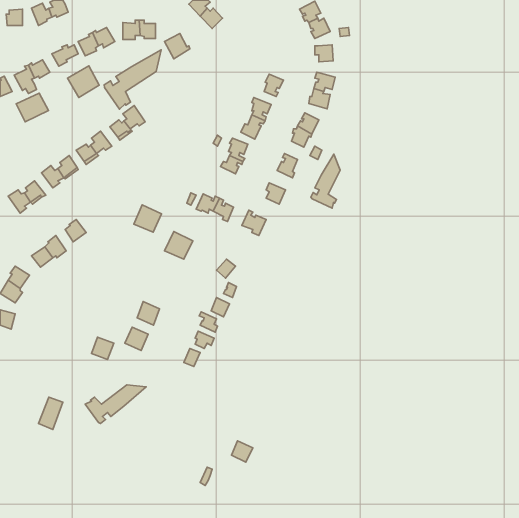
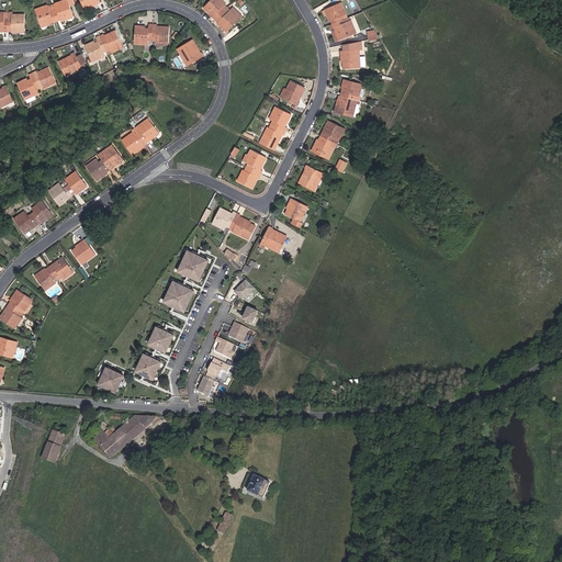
building: [104,50,161,109] -> none
building: [68,66,99,97] -> none
building: [16,93,48,122] -> none
building: [311,154,340,208] -> none
building: [134,205,161,232] -> [164,282,193,312]

